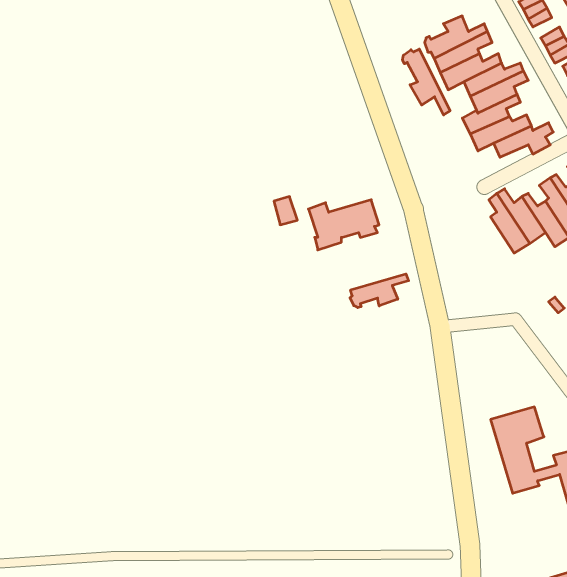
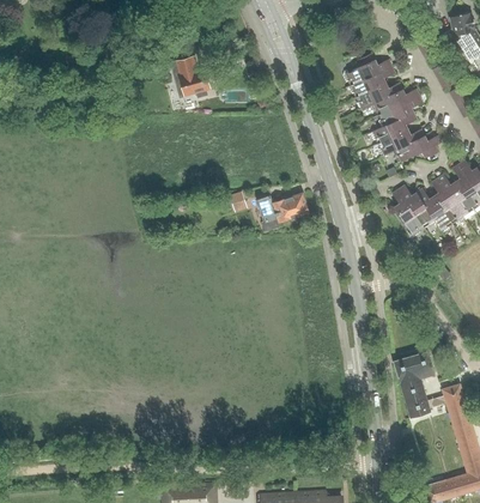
building: none -> [176,56,211,98]
building: [403,49,450,115] -> none
building: [350,274,409,308] -> none

